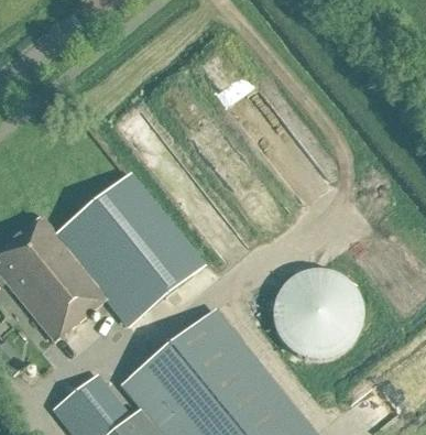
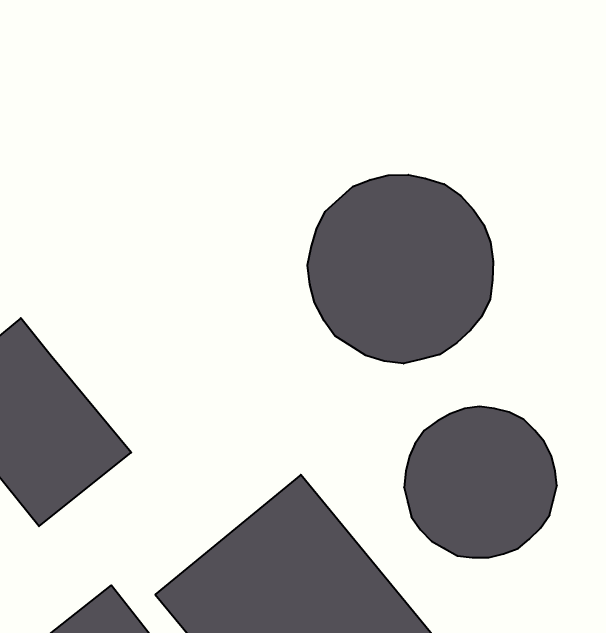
building: none -> [307,175,493,364]
building: [61,177,206,326] -> none

